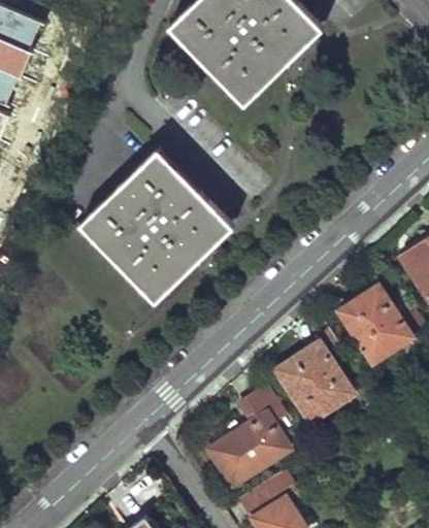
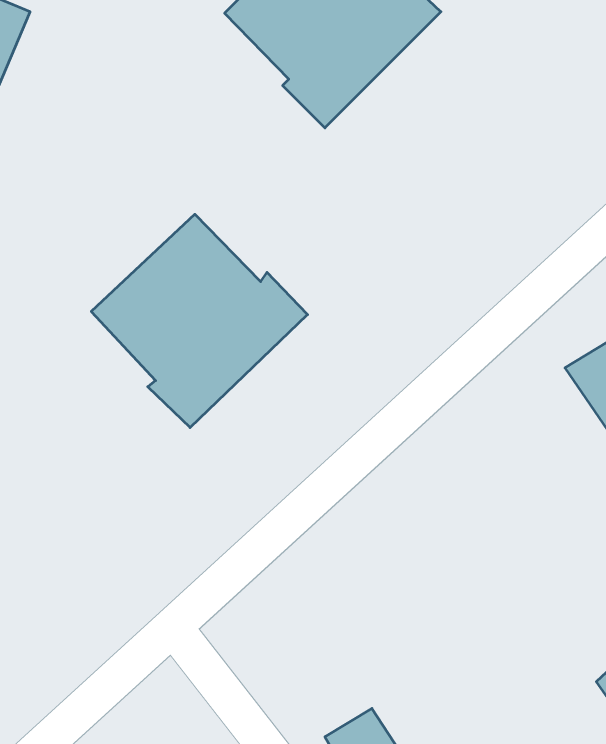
building: [338,290,410,363] -> none
building: [277,332,345,422] -> none
building: [208,395,289,487] -> none

